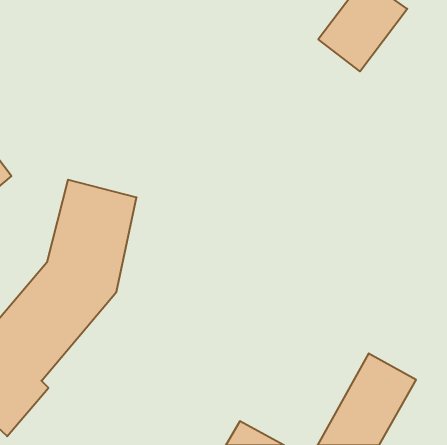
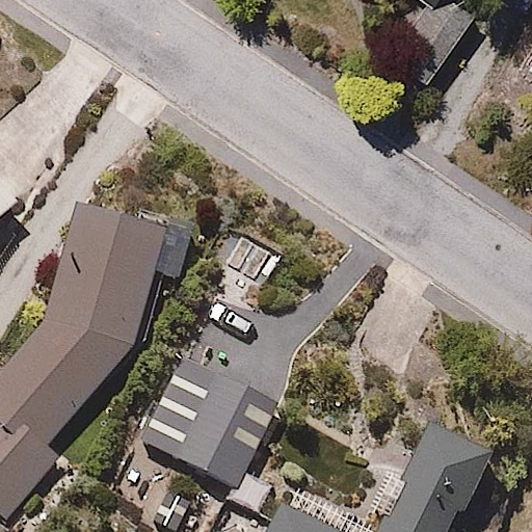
building: none -> [140,360,277,489]

